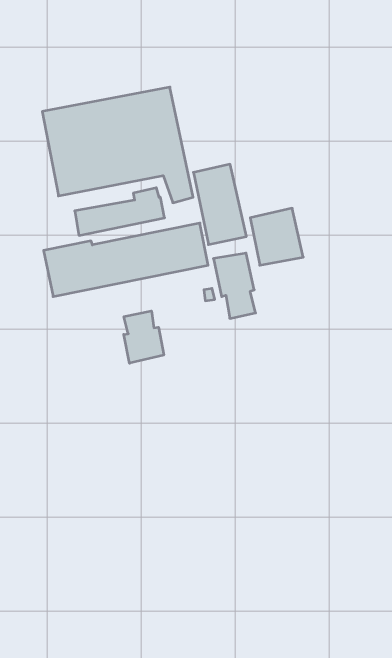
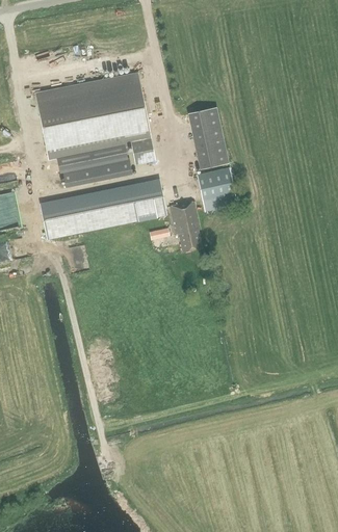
building: [193,164,246,245] -> [187,106,228,167]
building: [124,311,164,363] -> none

